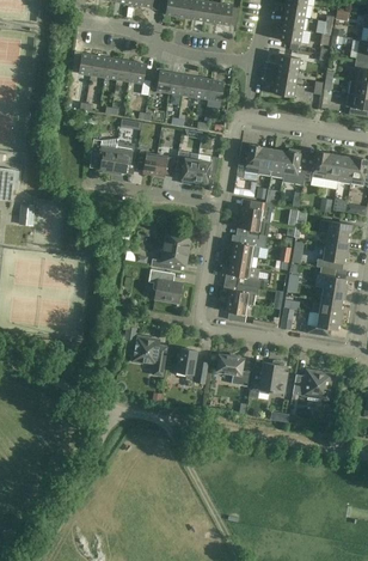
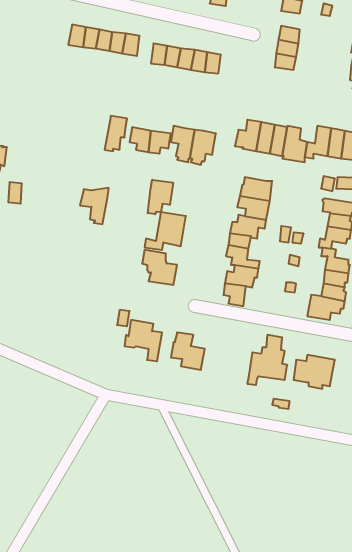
building: [91,138,118,172] -> [80,188,109,224]
building: none -> [148,180,173,214]
building: [216,354,250,385] -> none

